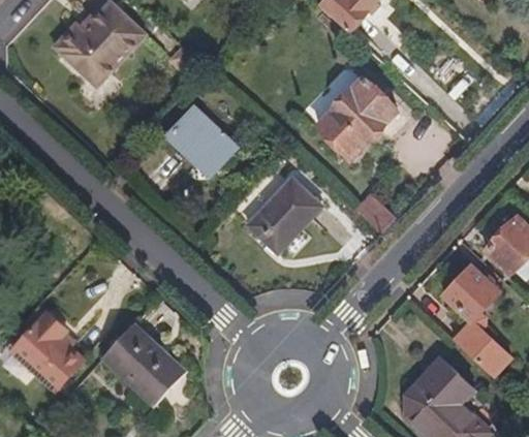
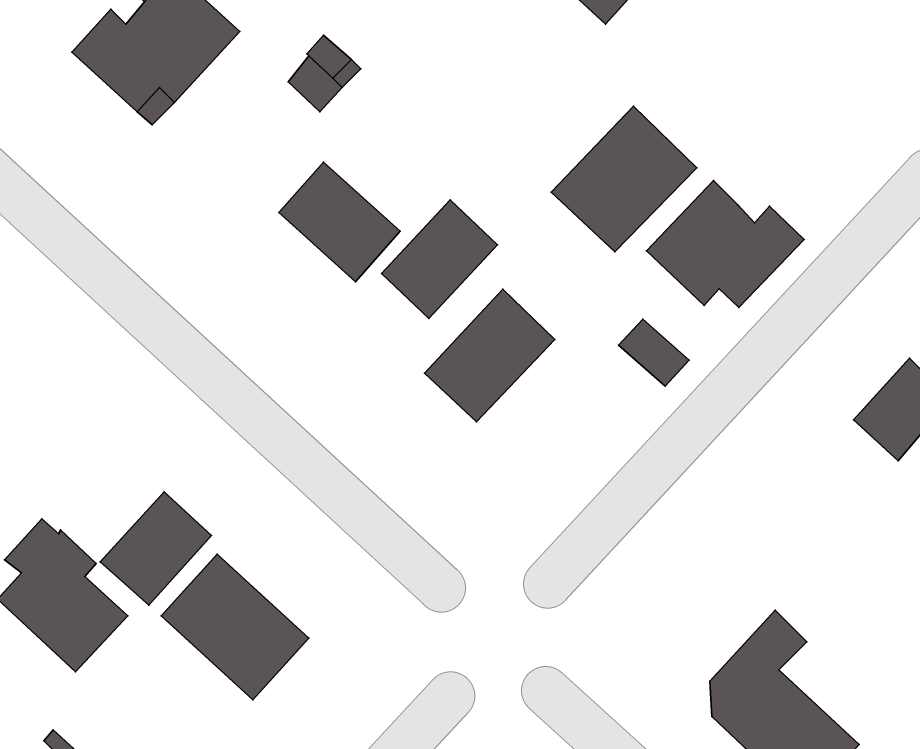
building: none -> [646,180,804,308]
building: none -> [381,200,498,318]
building: [444,264,508,375] -> none
building: none -> [100,492,211,605]

